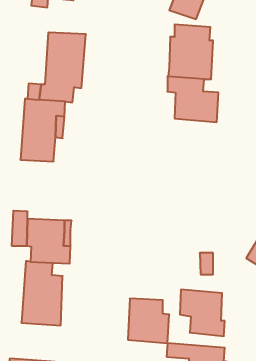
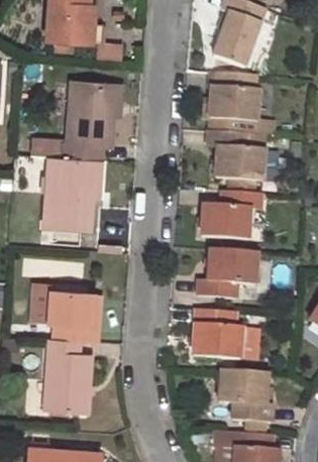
building: none -> [201,191,262,243]
building: none -> [198,249,258,299]
building: [128,299,169,343] -> [191,310,237,360]

